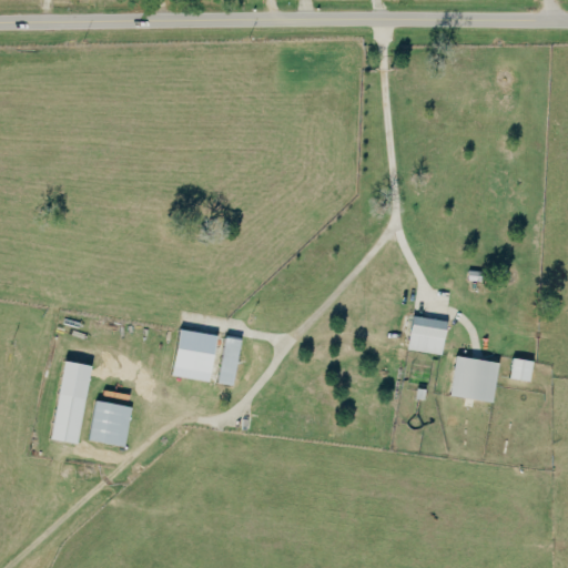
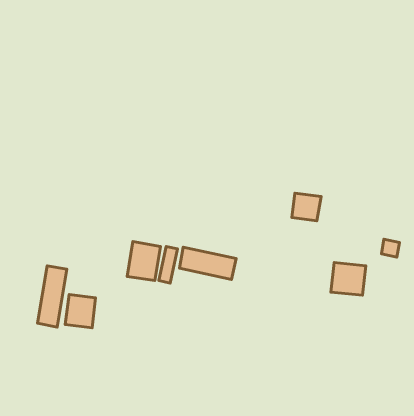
building: [407,316,447,354] -> [292,193,321,221]
building: none -> [179,247,236,279]
building: [509,357,534,382] -> [381,239,399,257]

